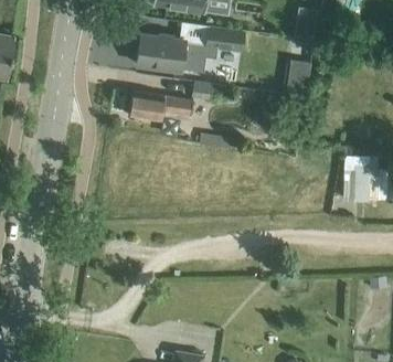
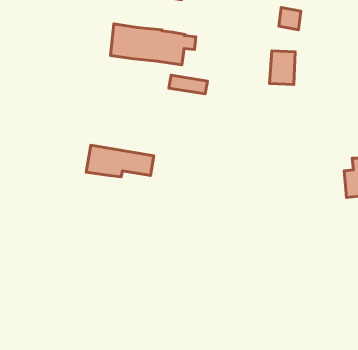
building: [206,28,248,51] -> none
building: [128,90,192,120] -> [86,145,154,177]

